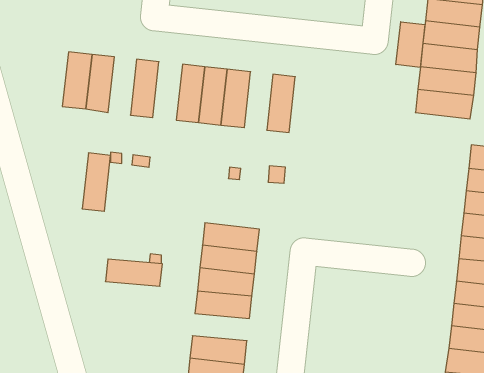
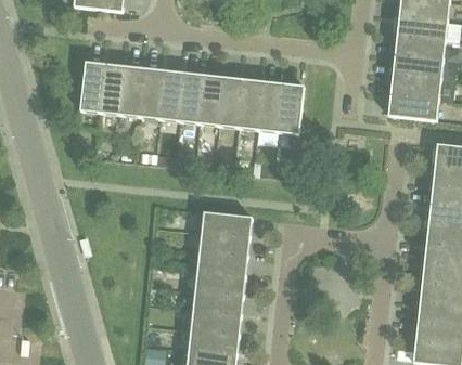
building: [396,22,425,67] -> none
building: none -> [158,69,184,120]
building: none -> [239,78,264,129]
building: none -> [278,82,304,133]
building: [82,153,111,211] -> [119,65,144,116]
building: [105,259,162,286] -> [193,289,243,313]

